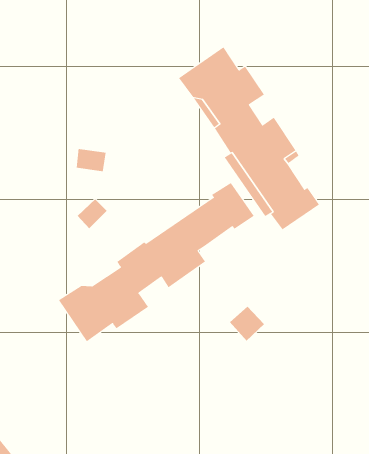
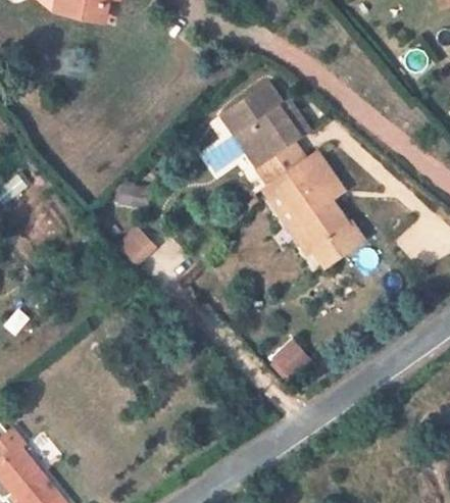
building: [58,182,254,342] -> none

